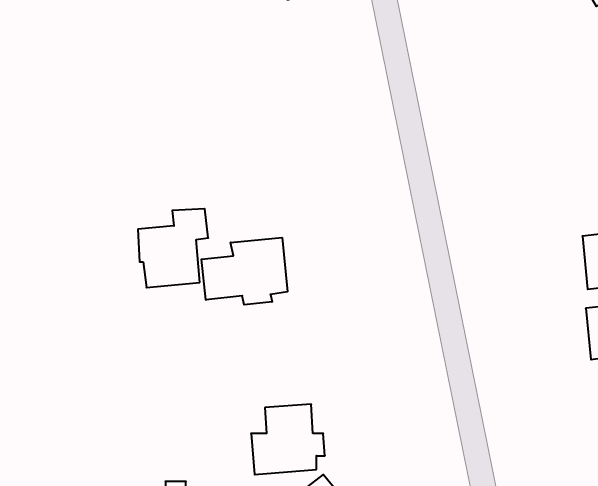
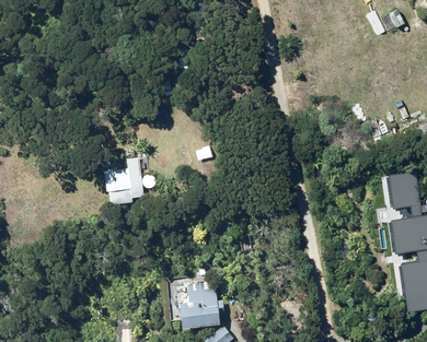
building: [201,238,287,305] -> none

